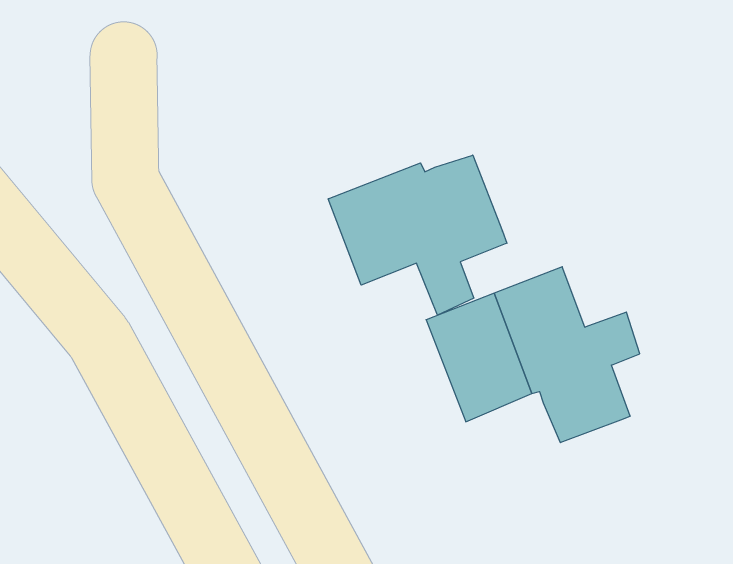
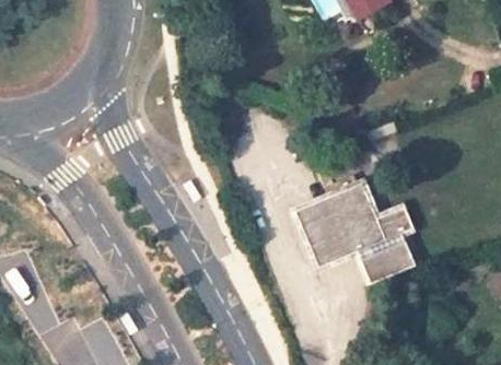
building: [328,155,507,315] -> none

